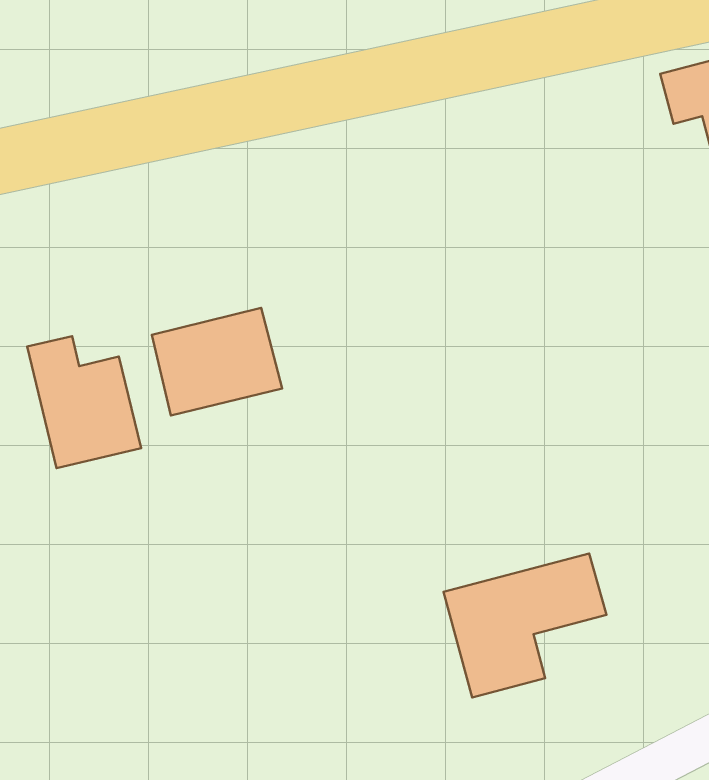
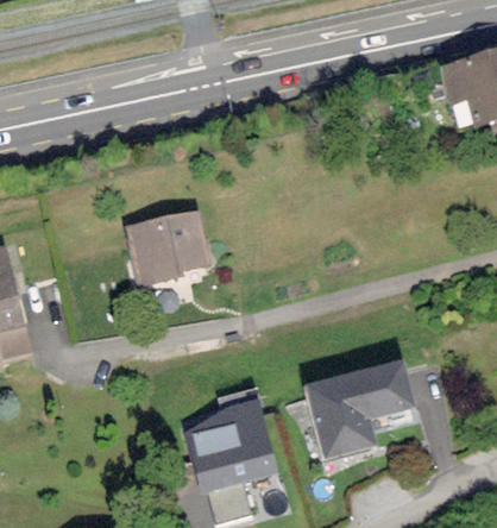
building: [27,336,141,468] -> none
building: none -> [189,402,276,491]

